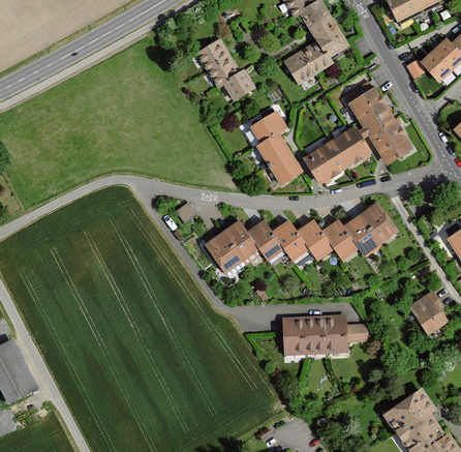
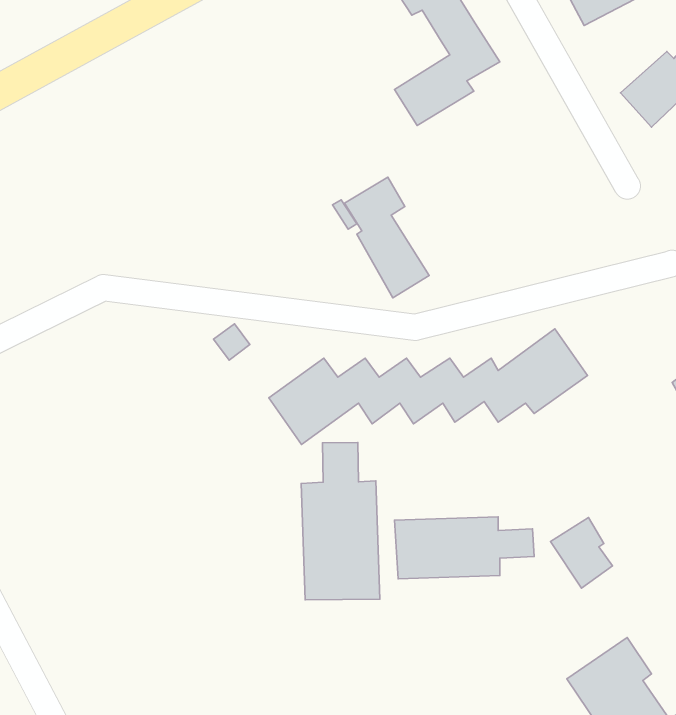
building: [195,38,251,99] -> none
building: [305,82,410,180] -> none
building: none -> [301,442,380,600]
building: [408,292,445,334] -> [551,518,613,588]

